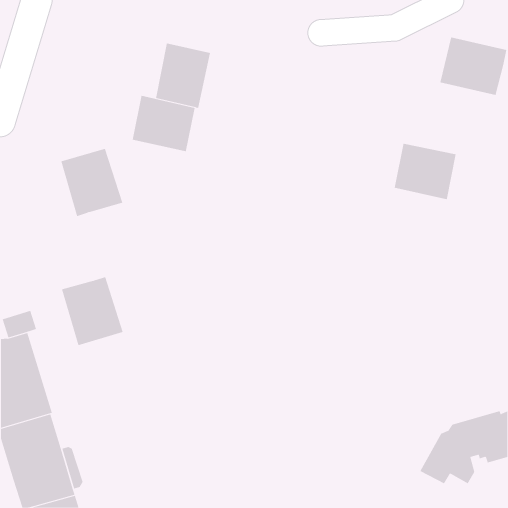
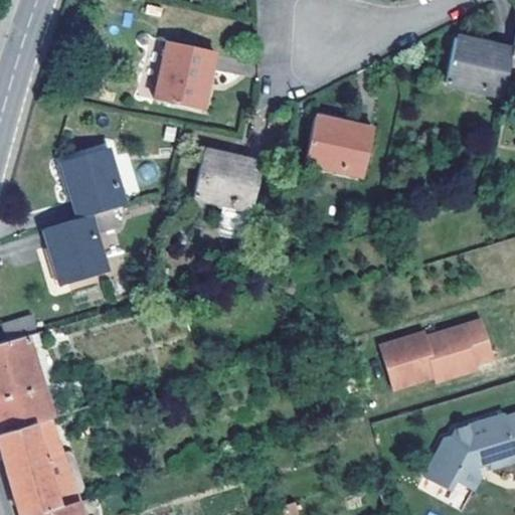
building: [132,95,196,152] -> [195,152,260,209]
building: [394,143,457,200] -> [307,119,370,176]
building: [61,276,124,346] -> [44,215,108,286]
building: none -> [381,318,494,385]

